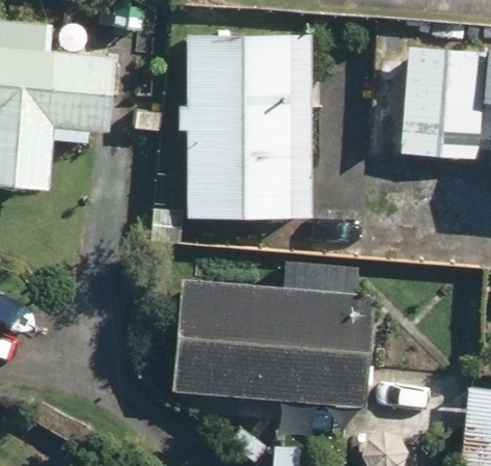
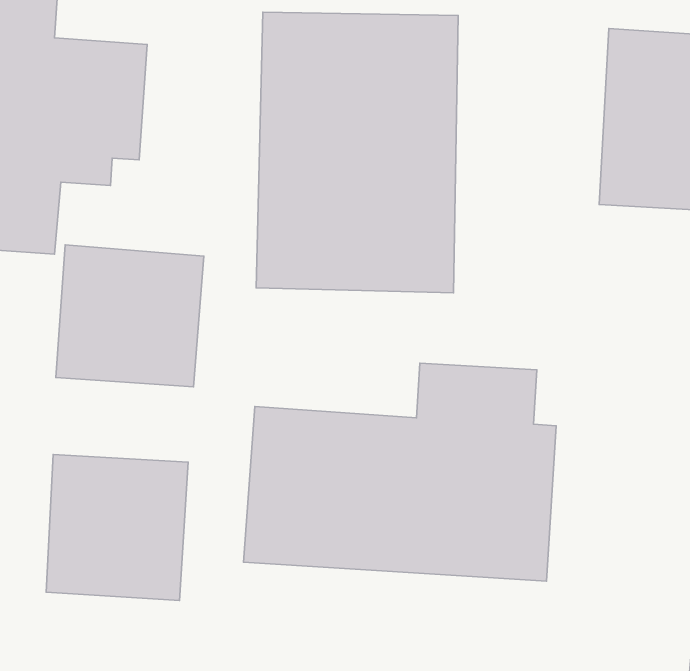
building: none -> [56,245,204,387]
building: none -> [46,455,188,601]

